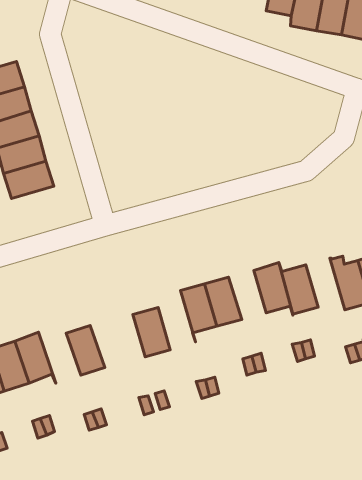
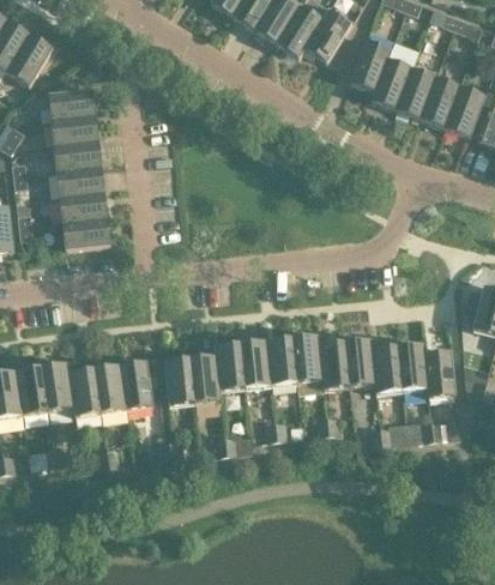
building: none -> [62,218,109,248]
building: none -> [344,338,375,392]
building: none -> [265,337,296,384]
building: none -> [189,344,221,402]
building: none -> [119,360,152,408]
building: none -> [66,361,101,415]

